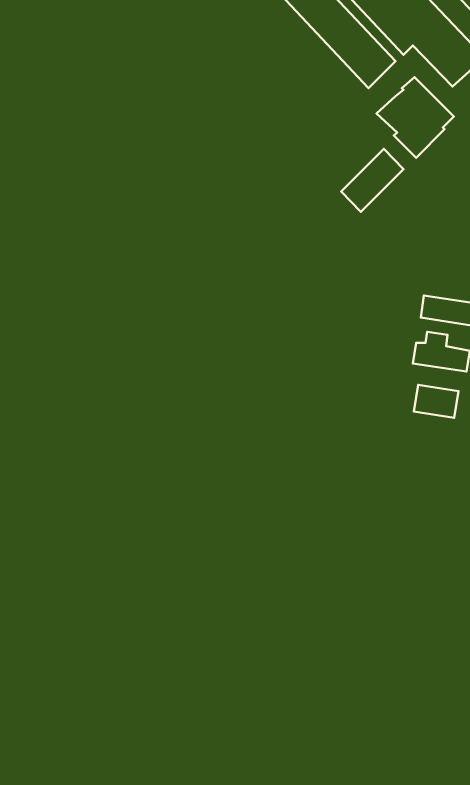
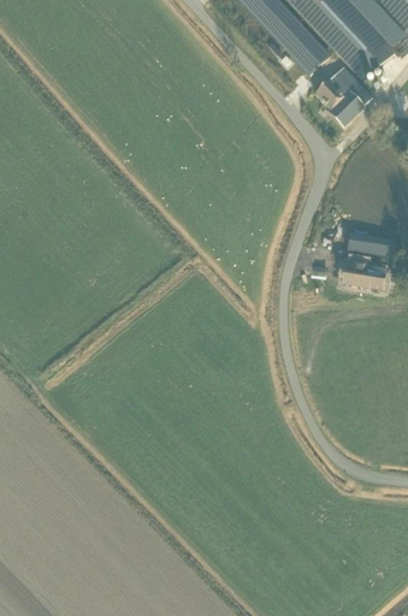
building: [341,149,404,212] -> none
building: [414,385,458,418] -> none

